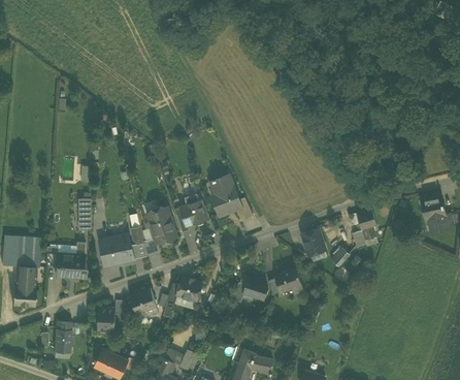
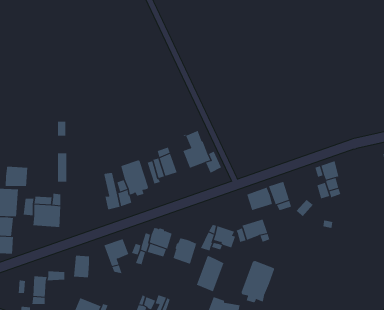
building: none -> [5,166,28,187]
building: [99,232,133,264] -> none
building: none -> [247,187,273,211]
building: none -> [173,238,197,265]
building: none -> [196,255,224,292]
building: none -> [241,260,275,303]

